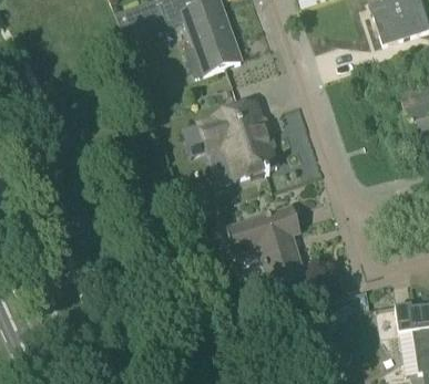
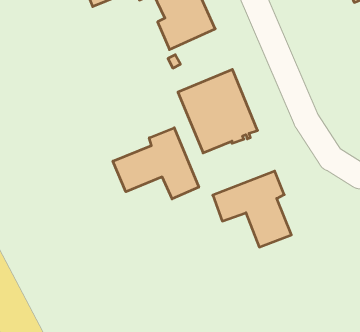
building: none -> [113,128,199,199]

